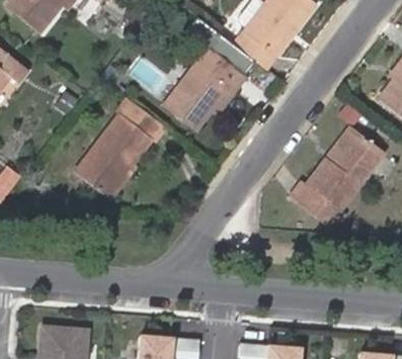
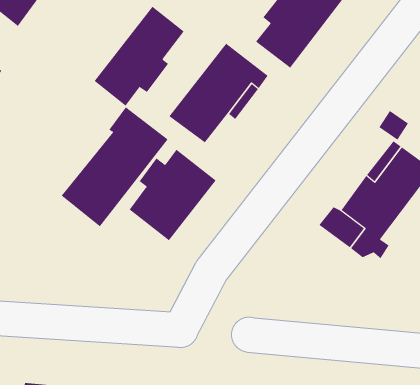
building: none -> [94,6,185,106]
building: none -> [129,149,216,241]

